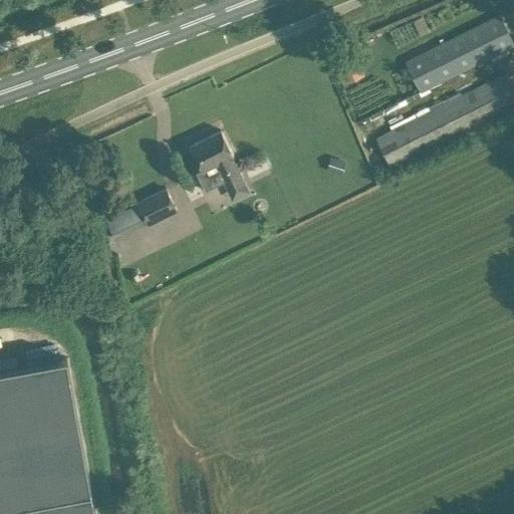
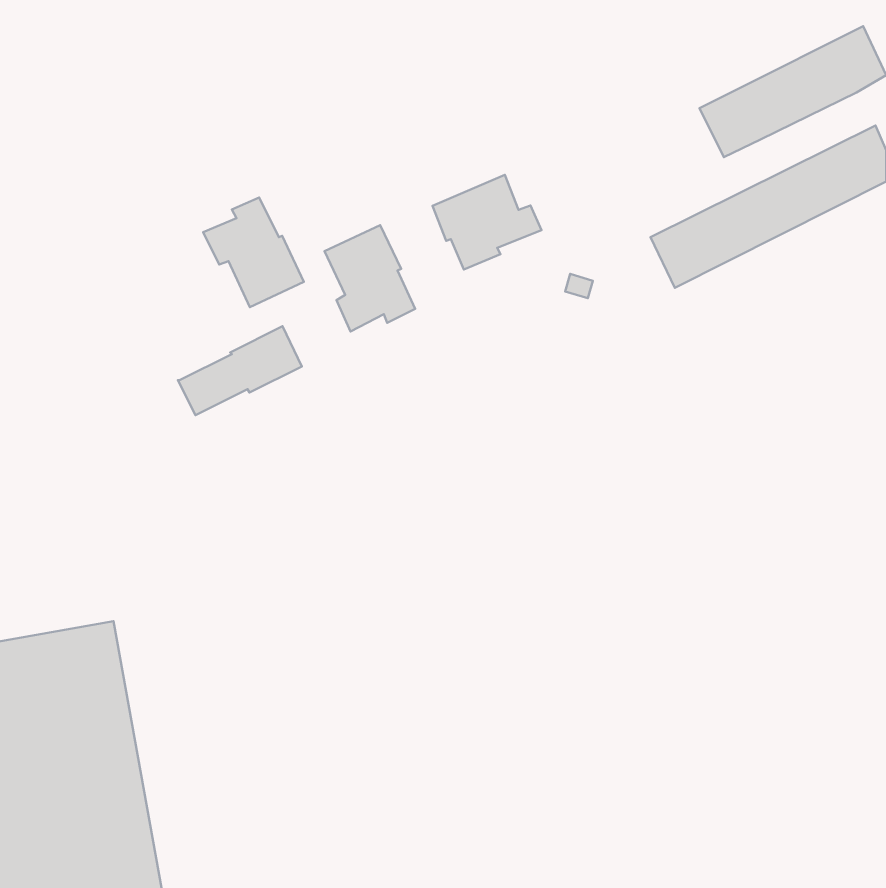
building: none -> [433,175,541,269]
building: none -> [203,198,304,307]

